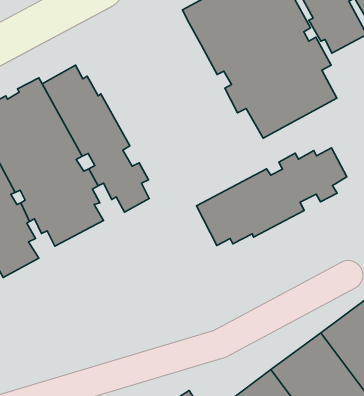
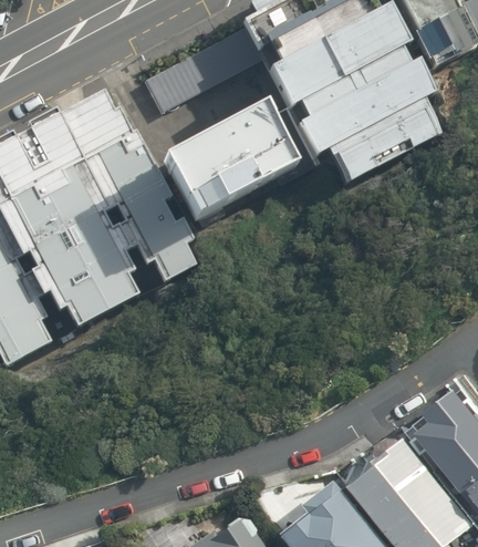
building: none -> [149,30,264,113]
building: none -> [150,91,293,219]
building: [196,148,347,245] -> none

